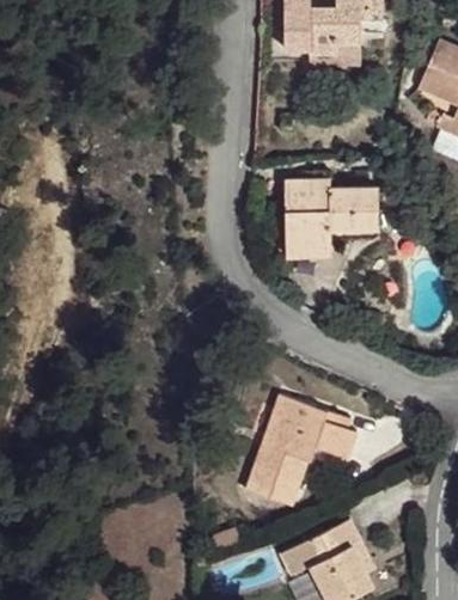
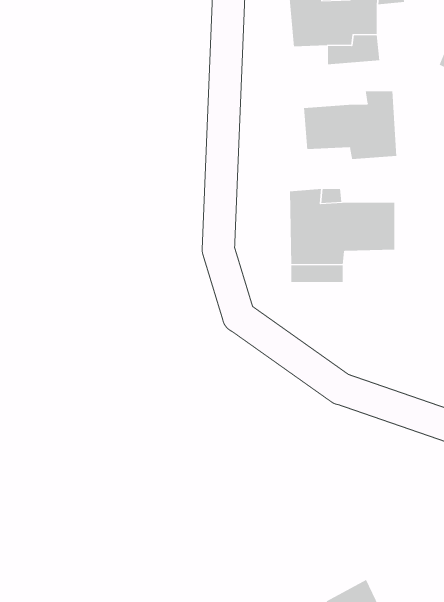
building: none -> [303,91,397,160]
building: [249,382,362,495] -> none

